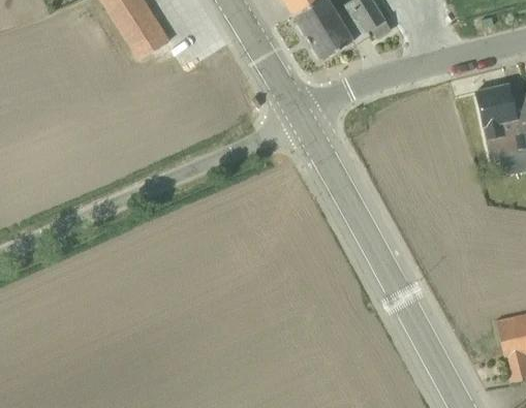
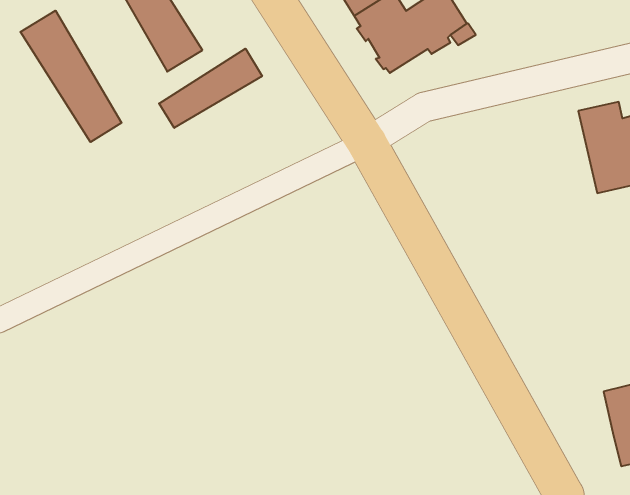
building: none -> [20,11,122,142]
building: none -> [159,49,262,128]

